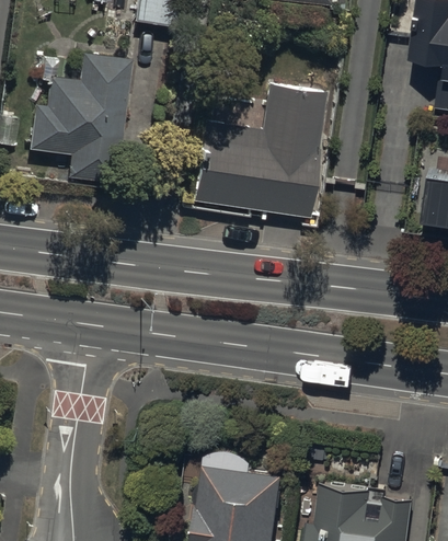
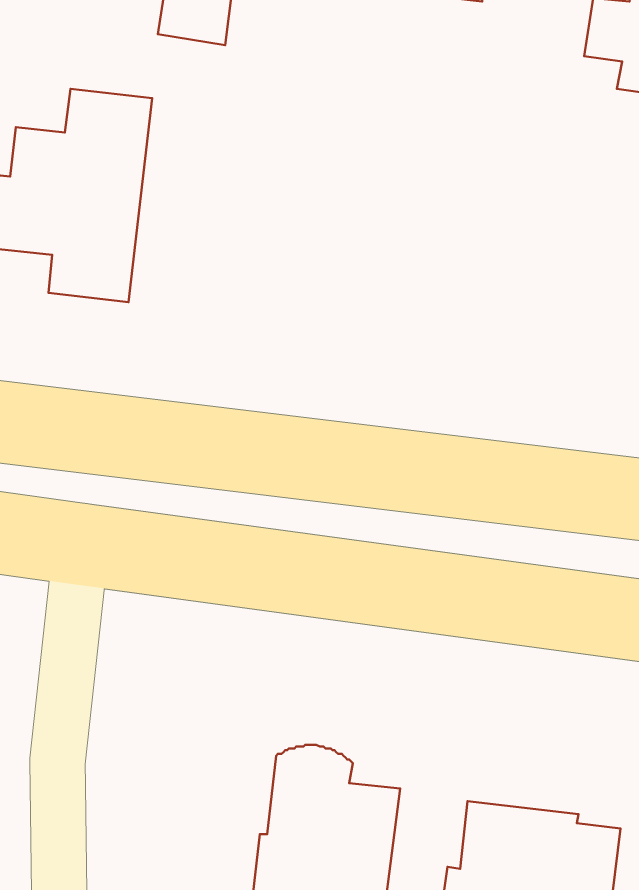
building: [194,87,326,218] -> none

